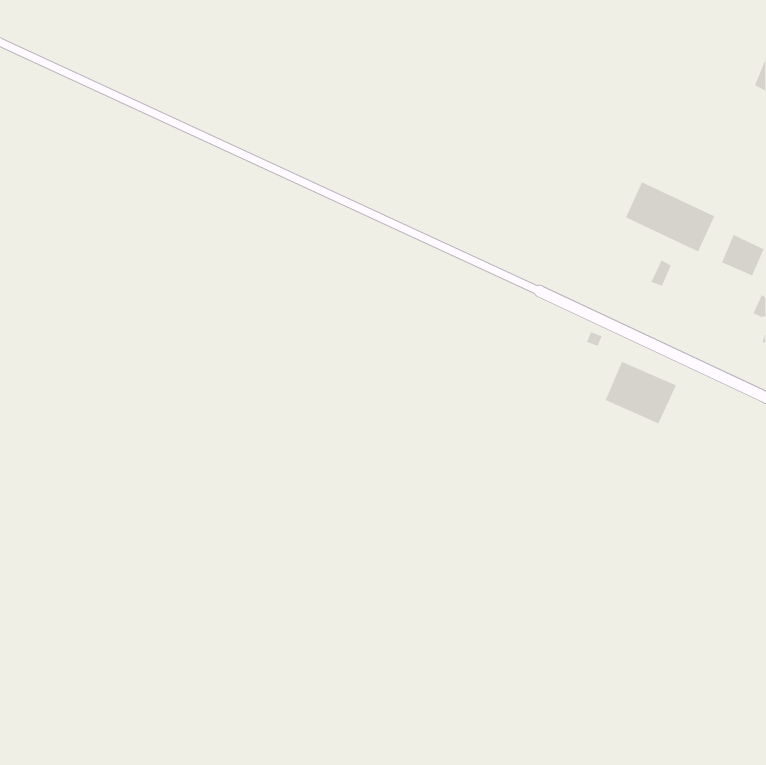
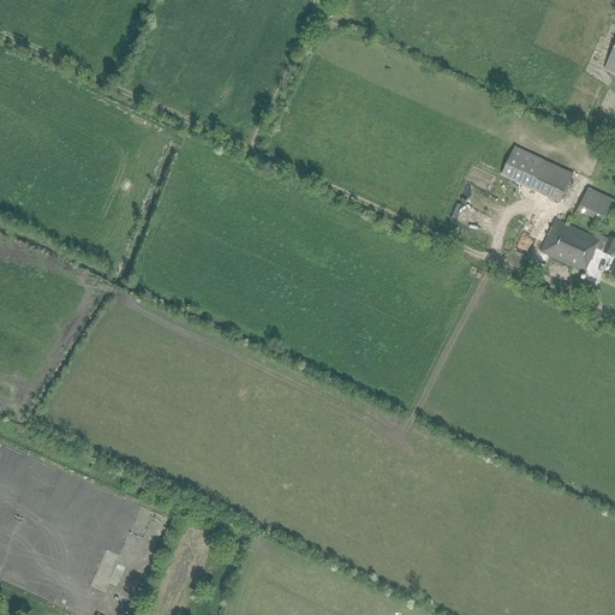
building: [605,361,677,424] -> [542,220,599,270]

